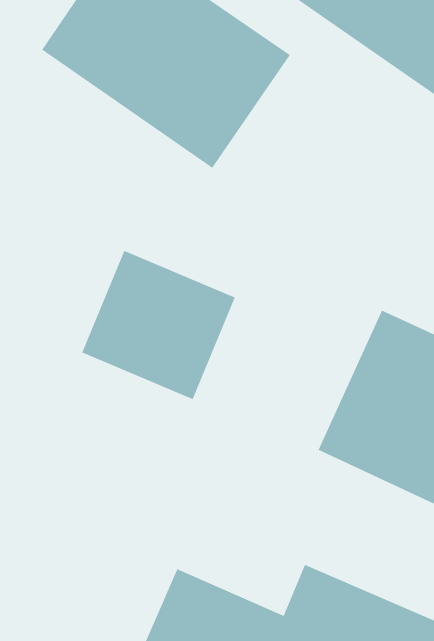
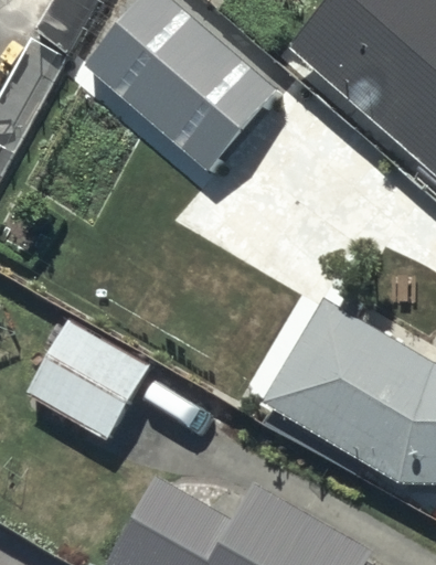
building: [81,250,236,400] -> [23,318,148,440]

